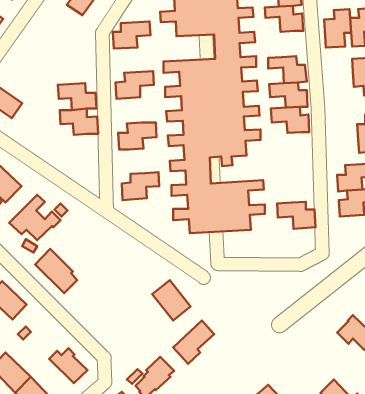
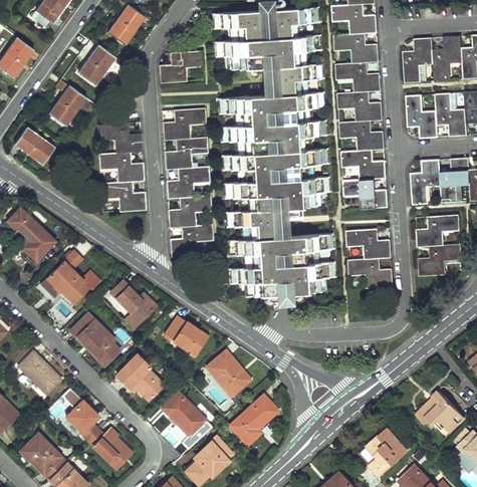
building: none -> [78,43,115,83]
building: none -> [336,62,381,92]
building: none -> [48,84,85,126]
building: none -> [407,95,438,139]
building: none -> [164,138,209,170]
building: none -> [412,160,442,204]
building: none -> [343,179,388,209]
building: none -> [100,181,145,211]
building: none -> [168,197,212,228]
building: none -> [346,230,391,260]
building: none -> [109,279,155,321]
building: none -> [164,315,207,355]
building: none -> [114,354,161,400]
building: none -> [61,389,97,440]
building: none -> [159,391,204,436]
building: none -> [359,427,408,474]

